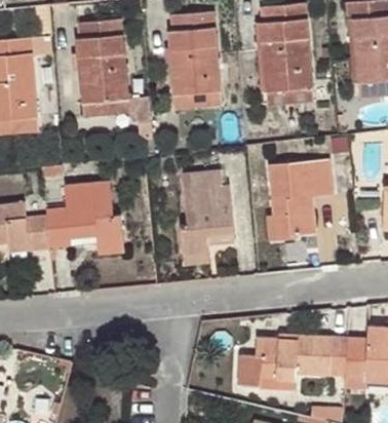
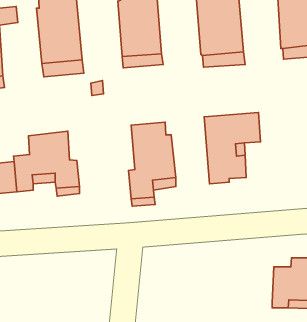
building: [243,333,348,381] -> none

